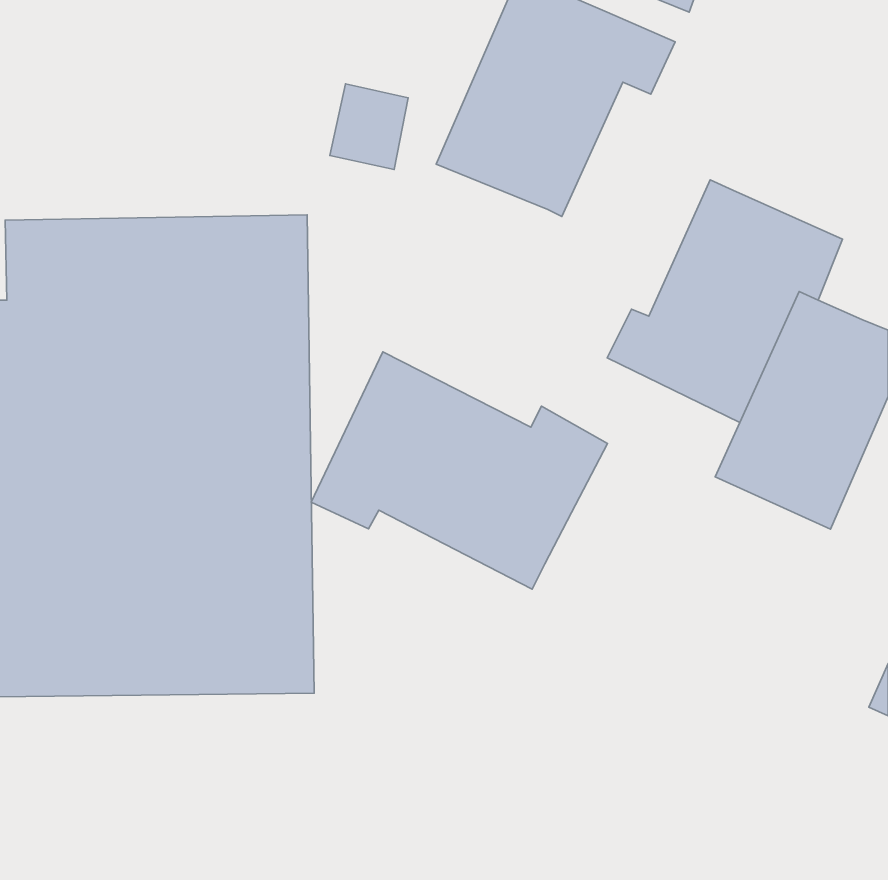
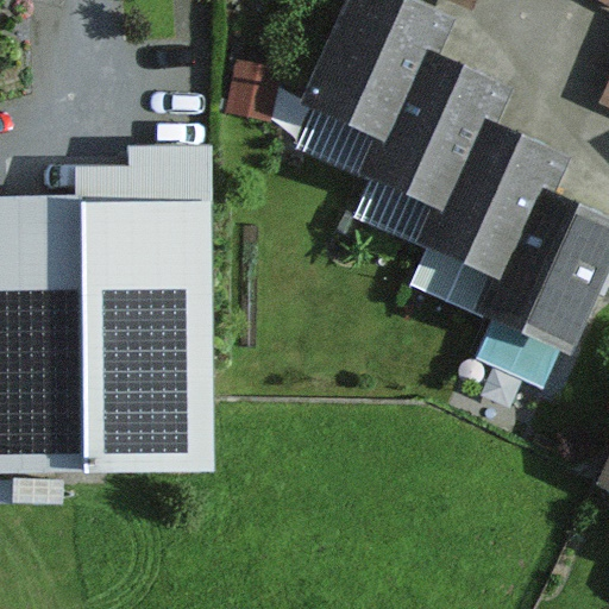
building: none -> [358,56,515,215]
building: [311,352,608,589] -> none

